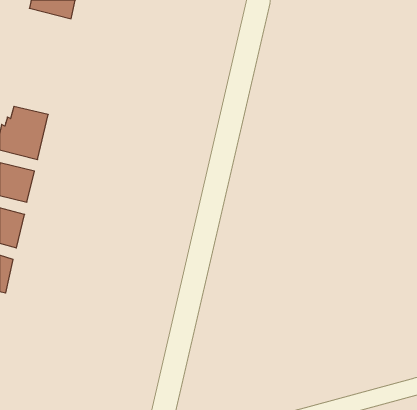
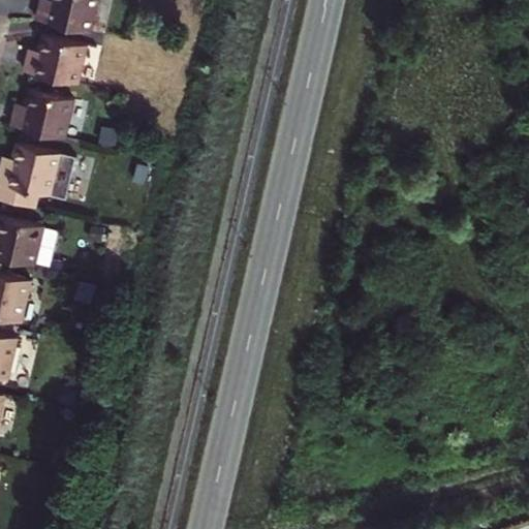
building: none -> [25,36,88,86]
building: none -> [12,90,74,139]

